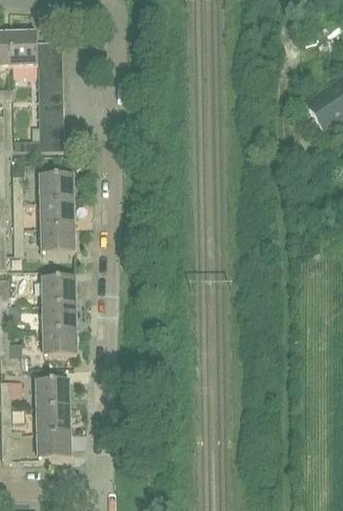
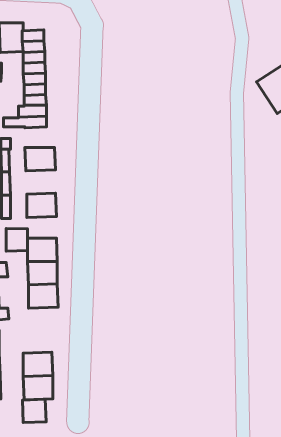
building: [39,197,72,225] -> none
building: none -> [6,229,28,251]
building: [35,379,68,405] -> none
building: none -> [22,399,46,422]

